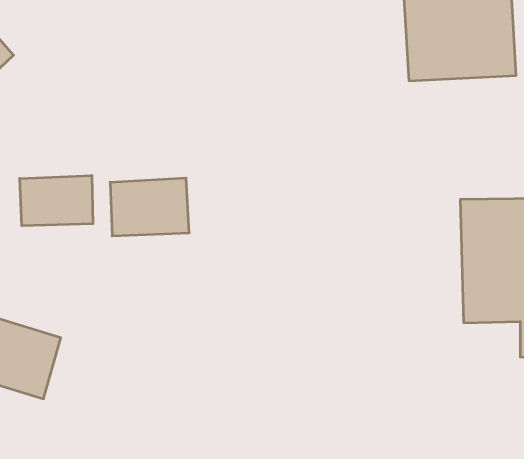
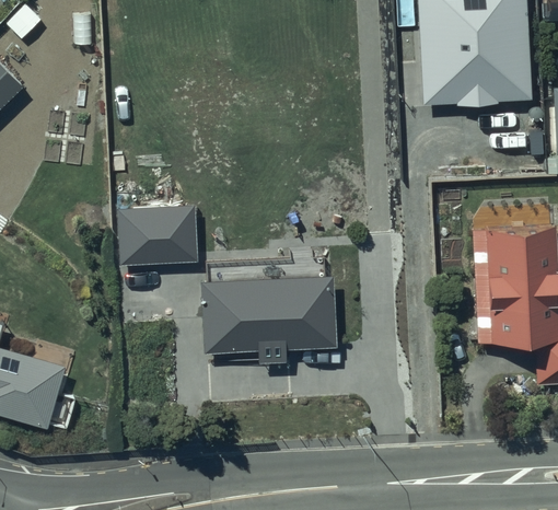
building: [20,175,93,226] -> none
building: none -> [201,277,337,353]

